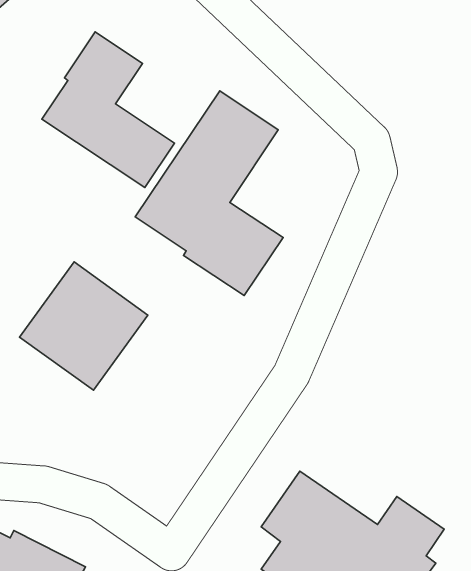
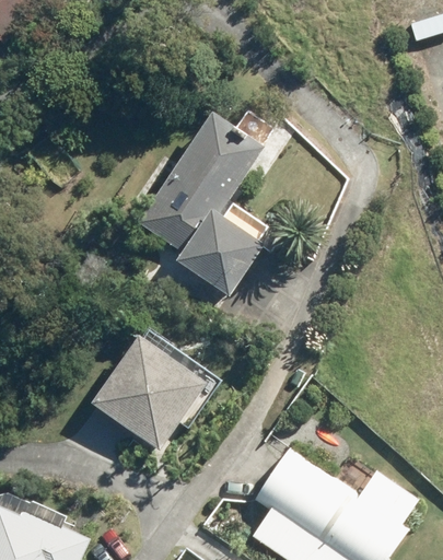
building: [42,32,174,187] -> none
building: [19,262,148,390] -> [95,331,211,447]

